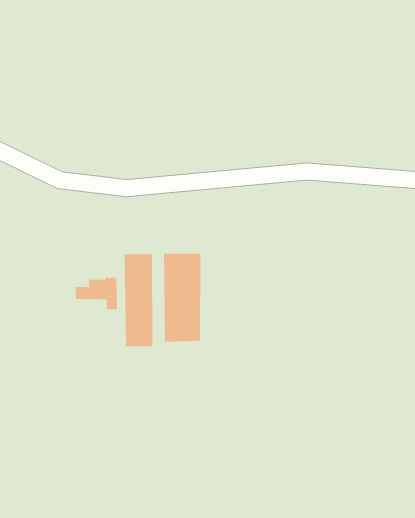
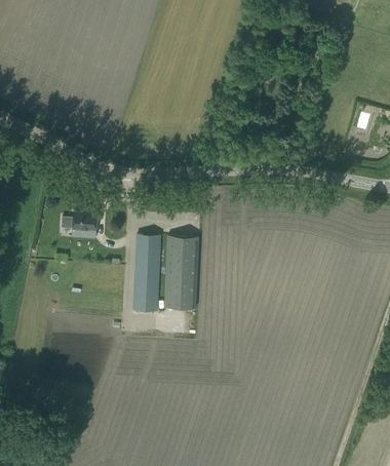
building: [75,277,118,310] -> [62,210,96,237]

